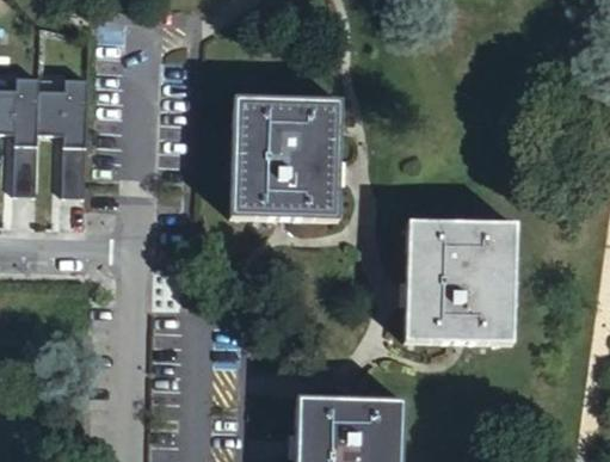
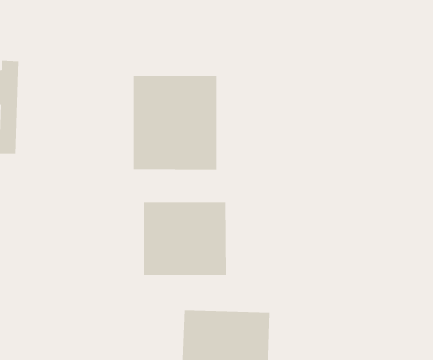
building: [407,218,519,344] -> none
building: none -> [143,202,227,276]

